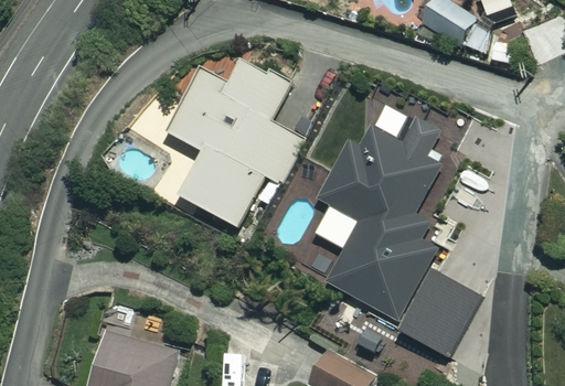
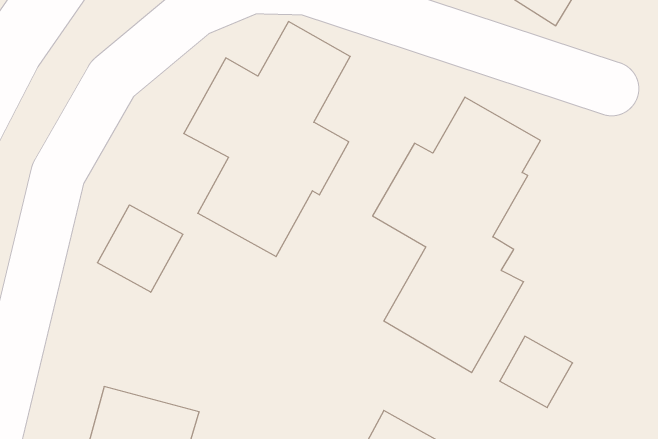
building: none -> [97,205,183,292]

